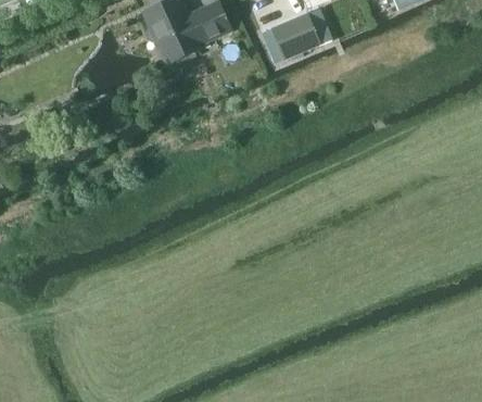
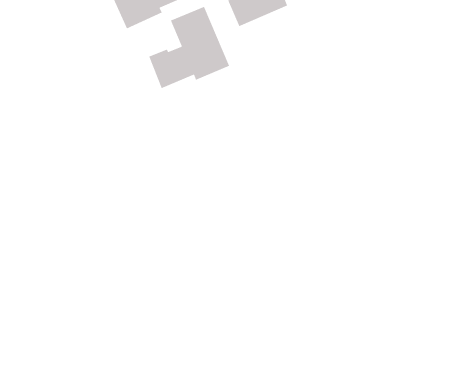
building: none -> [148,6,230,89]

